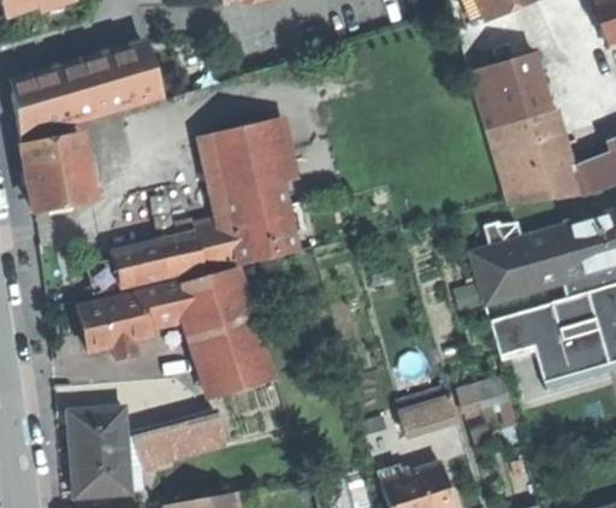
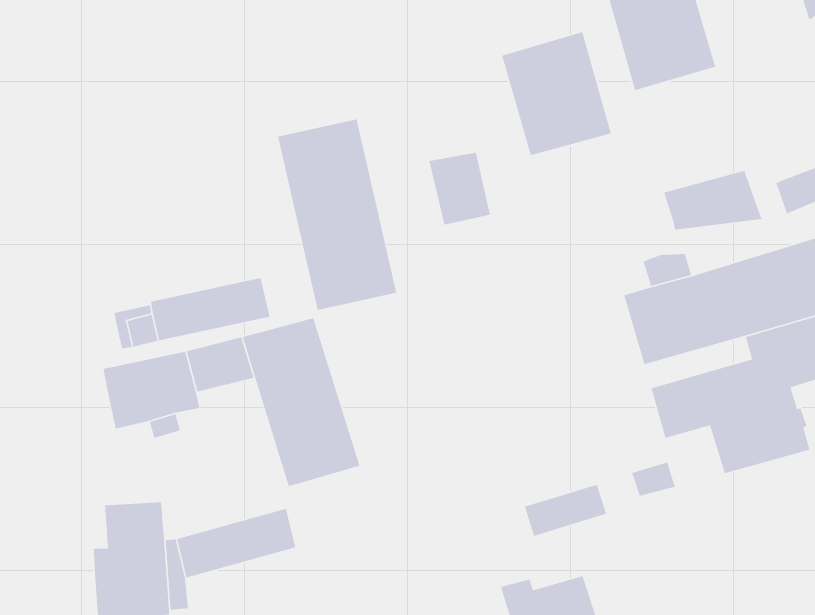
building: [11,40,166,138] -> none
building: [479,82,562,176] -> [501,31,612,156]
building: [24,135,95,212] -> none
building: none -> [429,152,491,225]
building: [114,219,241,278] -> none

